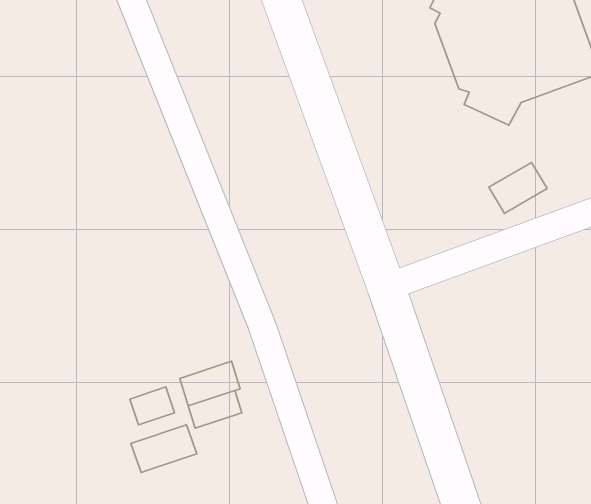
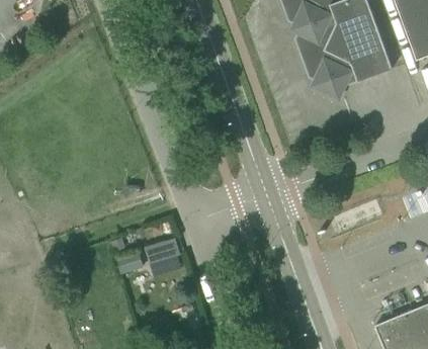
building: [489,162,547,213] -> none
building: [131,425,197,472] -> none

